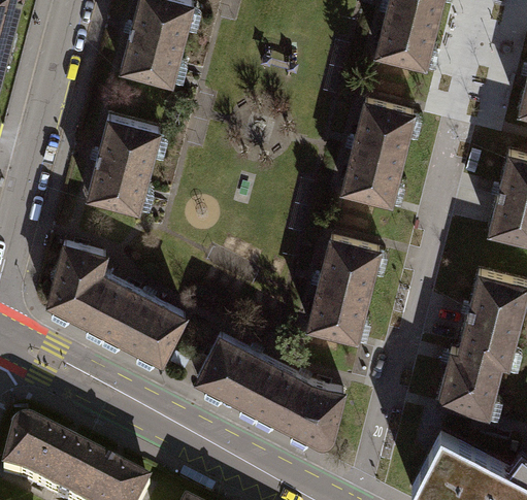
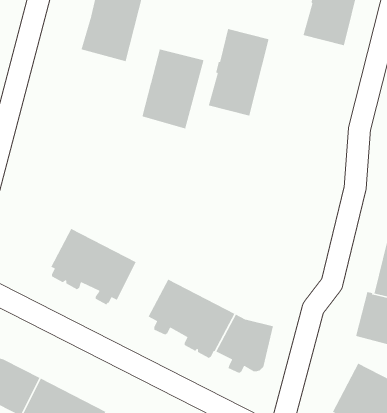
building: [343,100,415,202] -> [208,28,269,116]
building: [88,118,161,211] -> [141,48,205,129]
building: [309,237,380,338] -> none
building: [50,243,109,322] -> none

